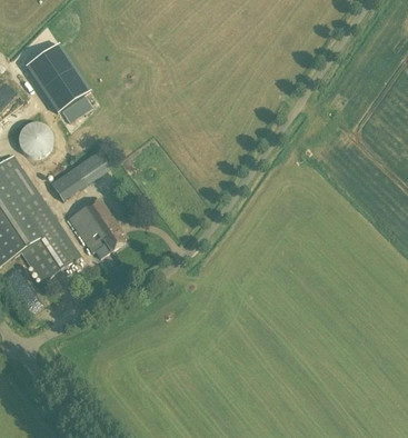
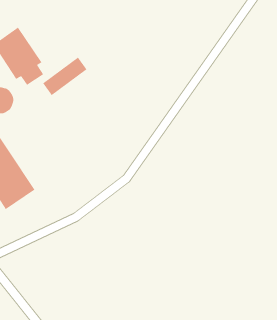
building: [48,152,107,203] -> [42,57,88,96]
building: [68,198,123,259] -> none

